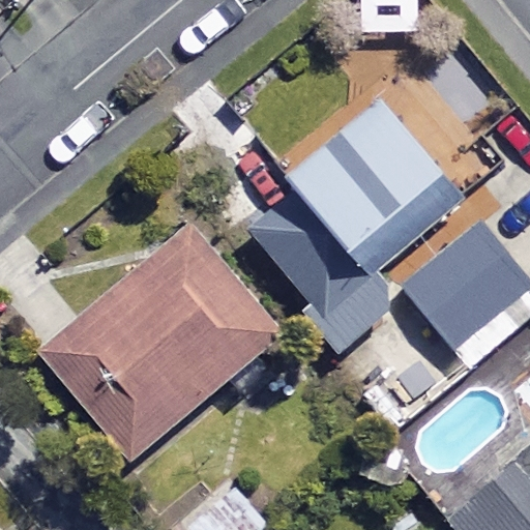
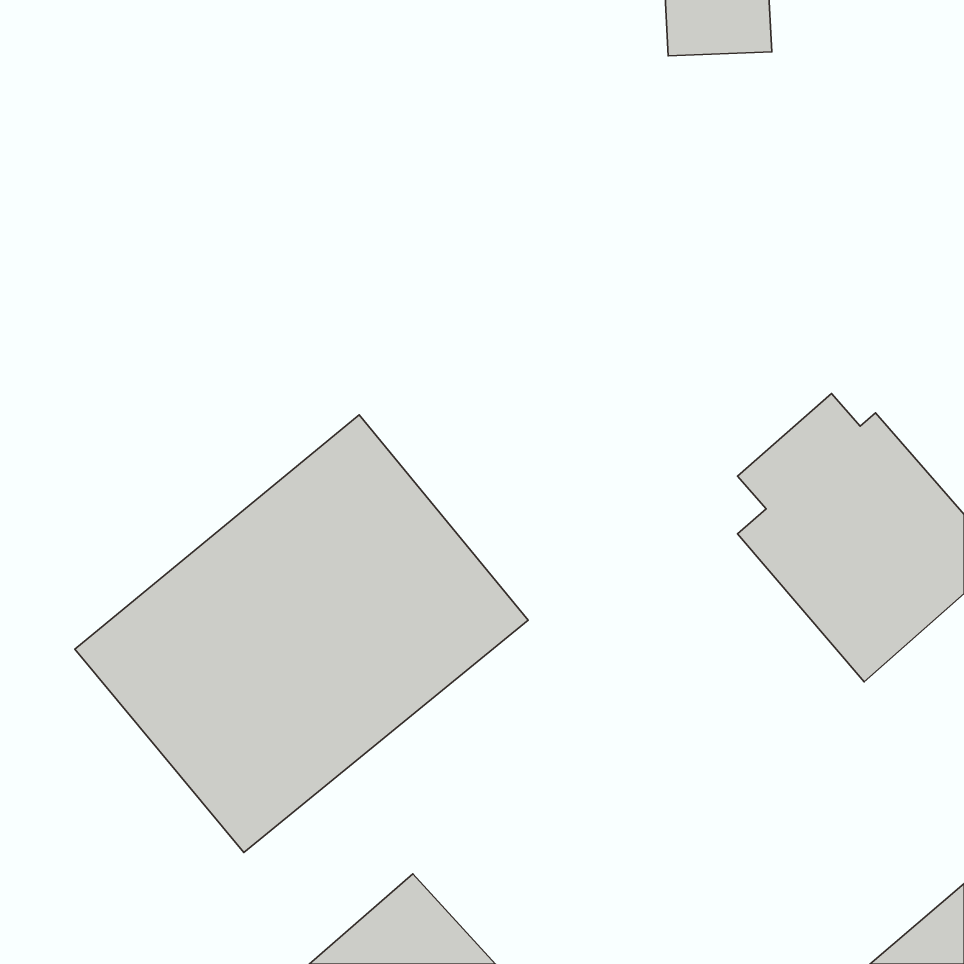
building: [246,113,454,310] -> none

